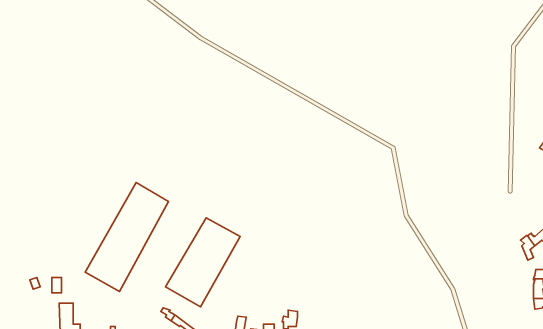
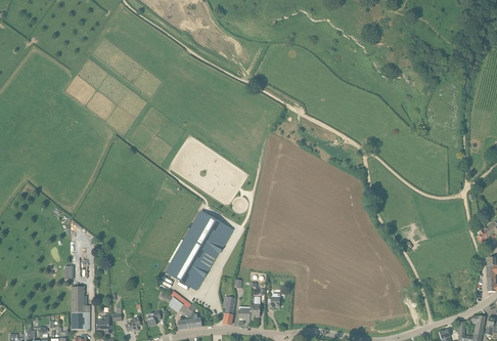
building: [85,183,169,291] -> none

